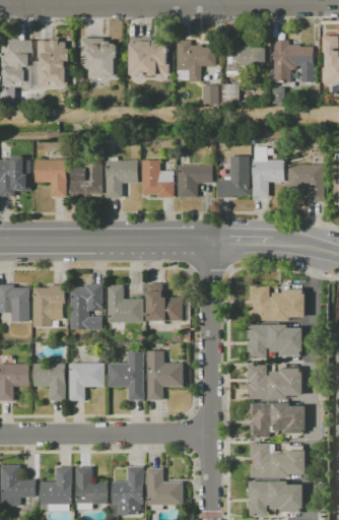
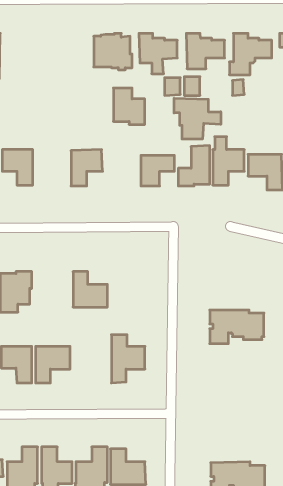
building: [80,38,118,79] -> none
building: [38,40,69,87] -> none
building: none -> [174,98,221,139]
building: [70,157,103,196] -> none
building: [141,159,174,197] -> [113,88,145,124]
building: [70,283,103,329] -> none
building: [146,283,182,320] -> none
building: [252,286,308,321] -> none
building: [108,351,143,400] -> none
building: [250,366,306,400] -> none
building: [252,404,309,439] -> none
building: [252,444,309,478] -> none

